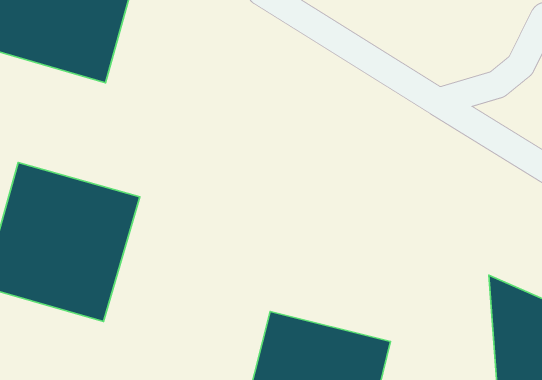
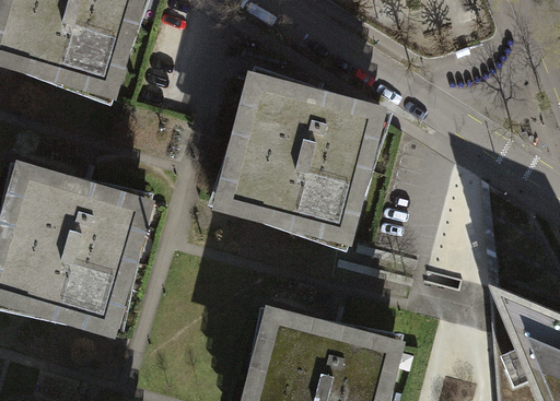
building: none -> [223,83,376,236]

